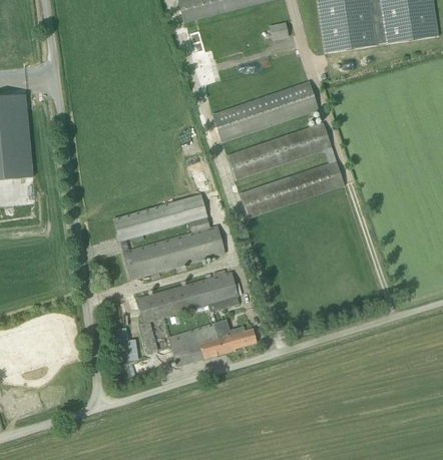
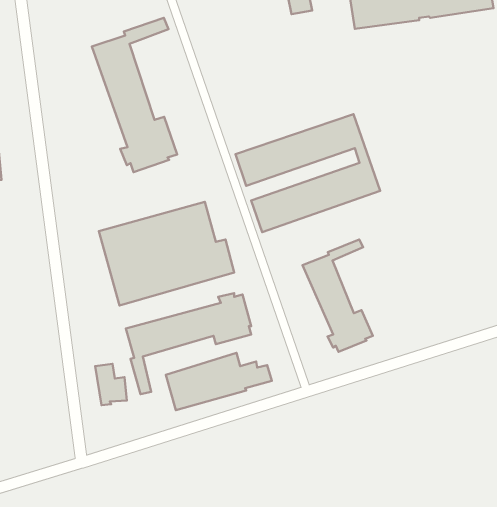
building: none -> [92,18,177,172]
building: [211,81,319,143] -> none
building: none -> [303,239,373,352]

